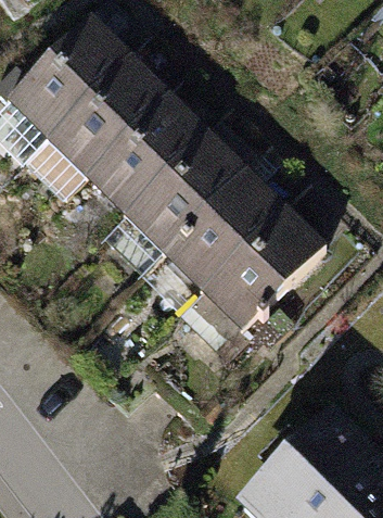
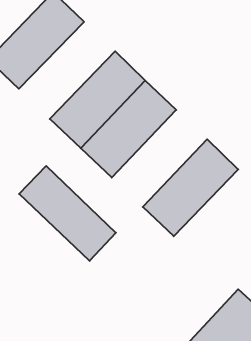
building: [38,51,166,180] -> none
building: [162,168,289,298] -> none
building: none -> [19,166,116,261]

